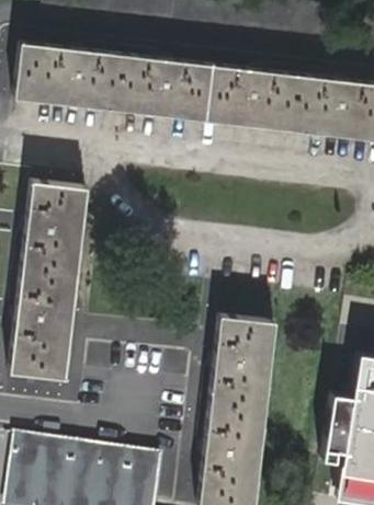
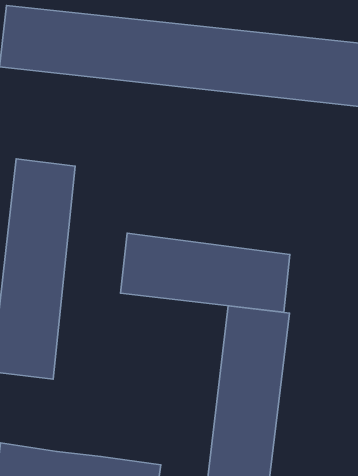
building: none -> [120,233,290,312]

